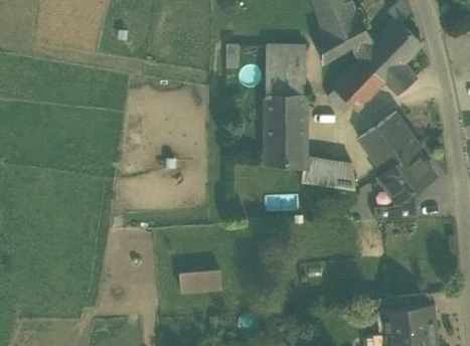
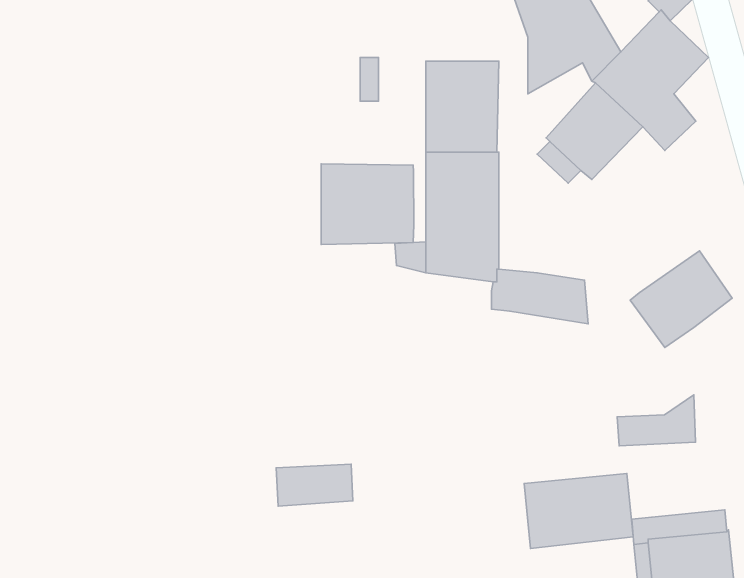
building: none -> [321,164,414,245]
building: [358,112,421,173] -> none
building: [371,192,415,220] -> [617,395,696,446]
building: none -> [524,474,633,548]

